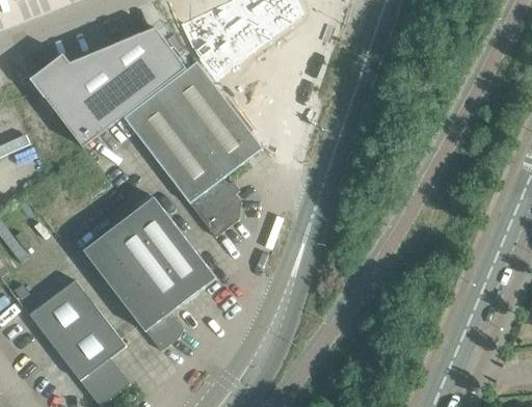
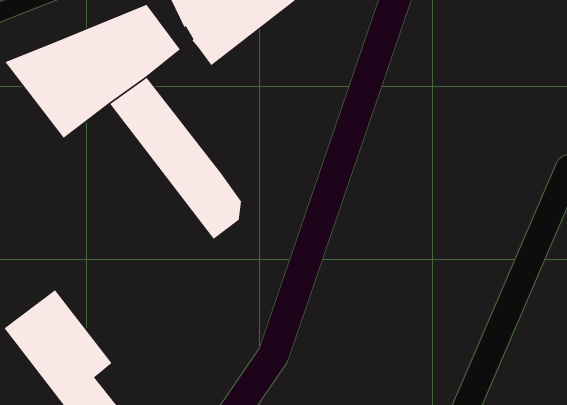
building: [156,60,262,175] -> none
building: [84,195,215,349] -> none

